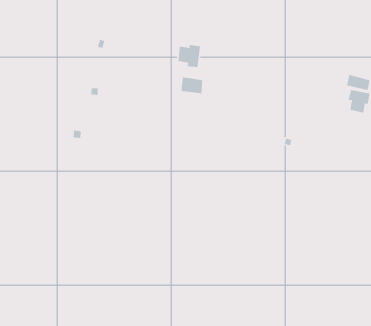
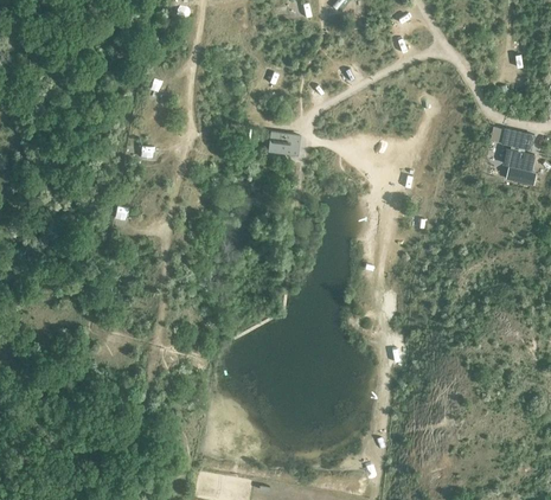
building: [178,44,201,68] -> none

